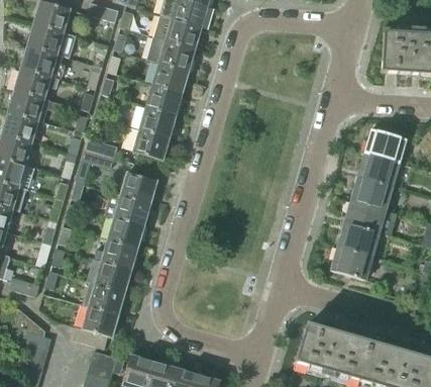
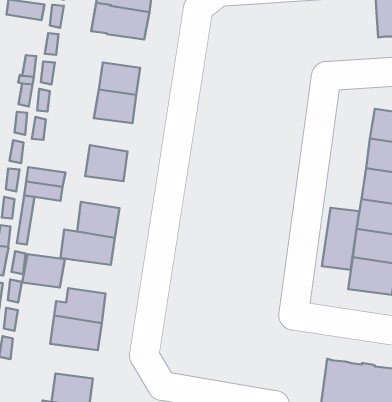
building: [147,35,195,70] -> none
building: [140,105,177,135] -> none
building: none -> [322,208,359,270]
building: [108,216,144,247] -> [22,254,65,288]
building: [84,281,125,313] -> none

